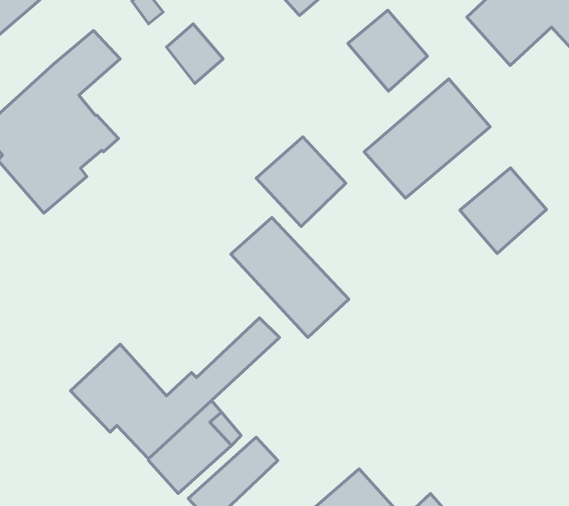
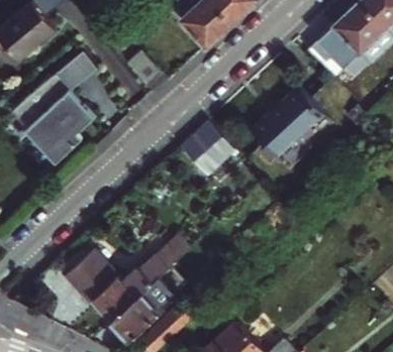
building: [348,10,427,91] -> none
building: [460,168,546,254] -> none
building: [231,217,349,337] -> none

